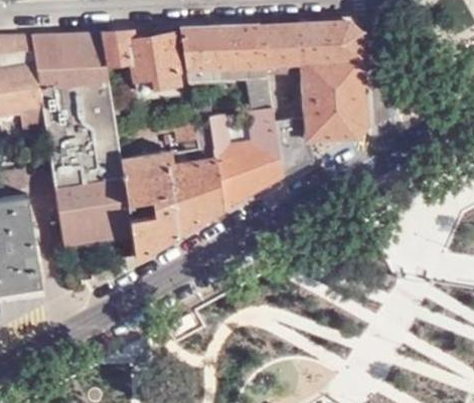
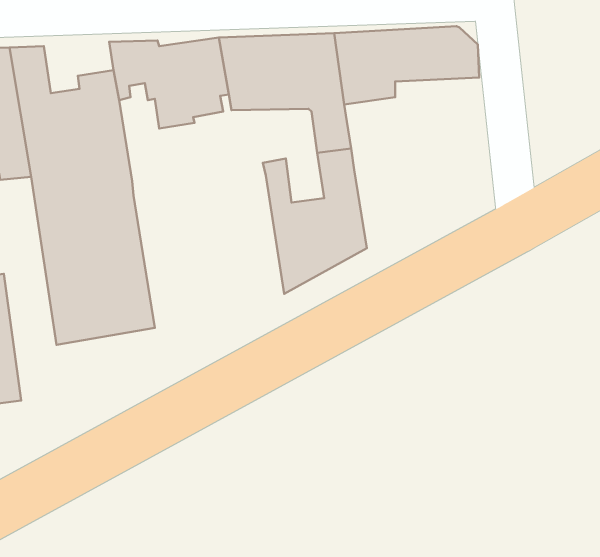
building: [54,32,104,68] -> none
building: [274,57,366,178] -> none
building: [117,118,224,257] -> none

